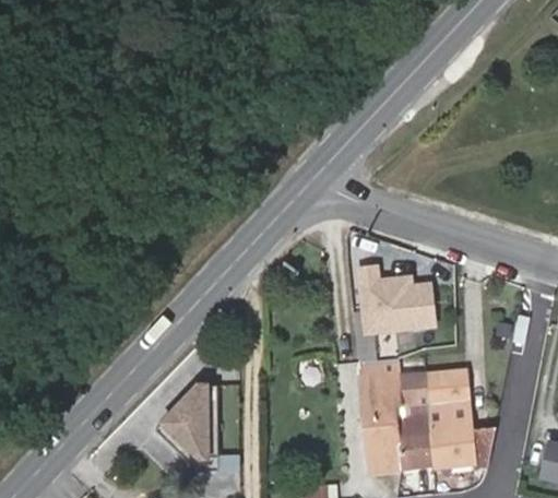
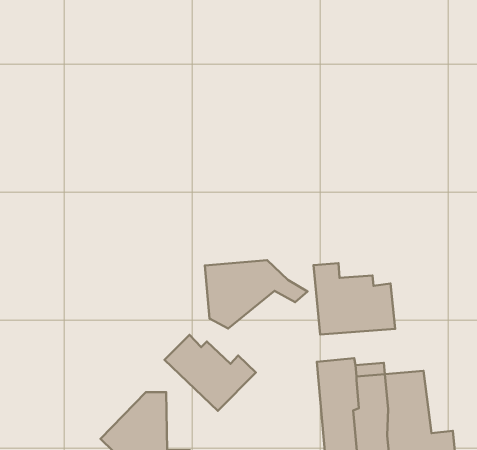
building: none -> [205,260,308,328]
building: none -> [164,335,256,411]

